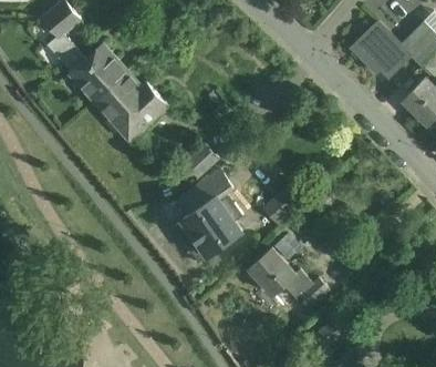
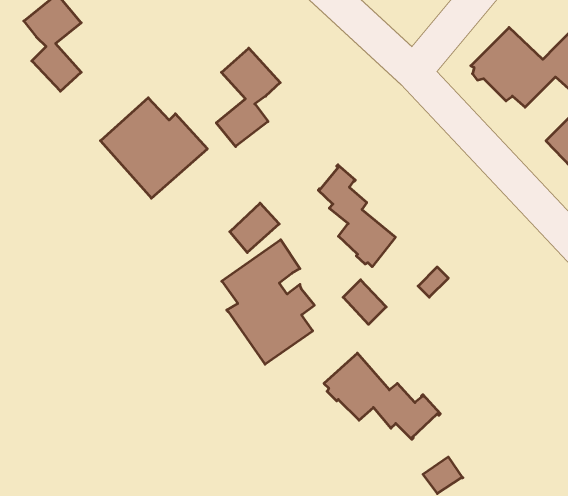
building: none -> [216,48,280,147]
building: [66,43,127,101] -> none
building: none -> [318,165,395,267]

